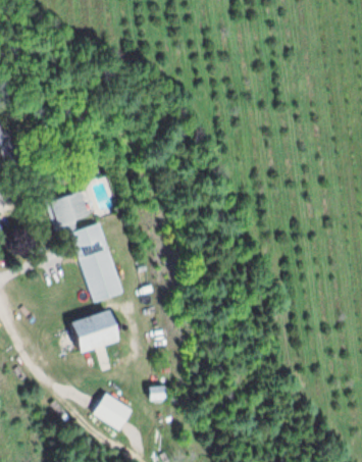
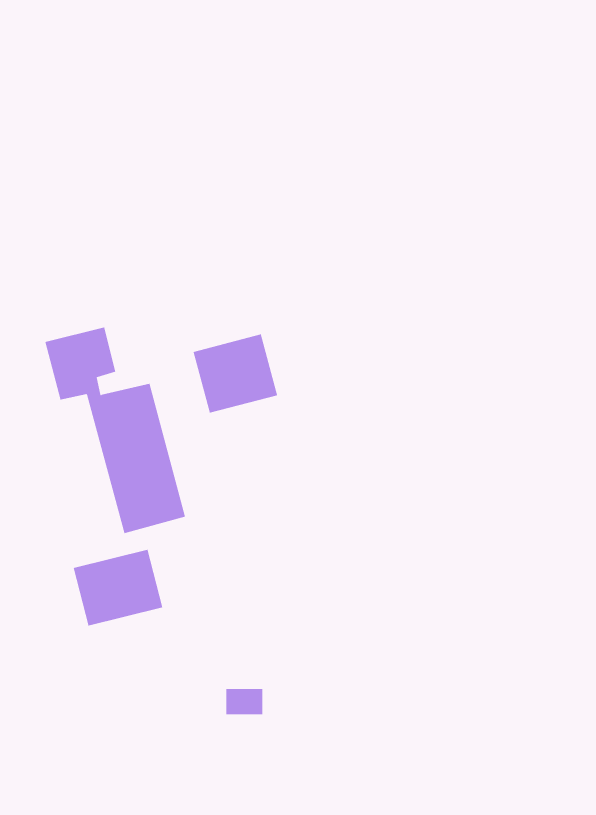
building: none -> [193,333,278,414]
building: [91,393,134,431] -> none

